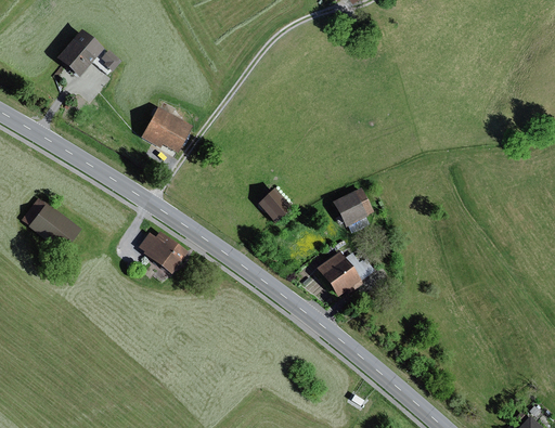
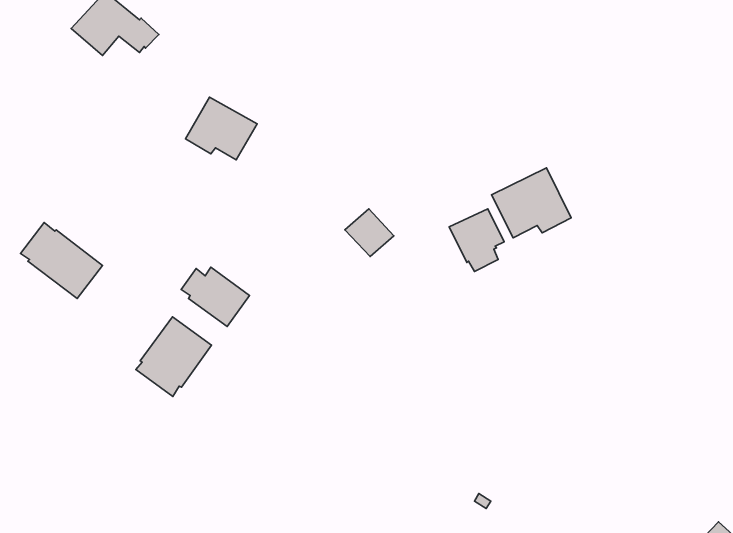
building: none -> [491,168,571,238]
building: [315,251,375,297] -> none
building: none -> [136,317,211,396]

